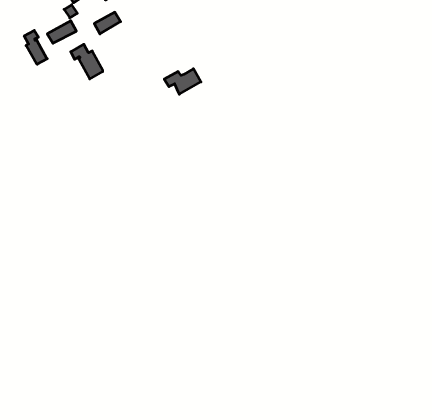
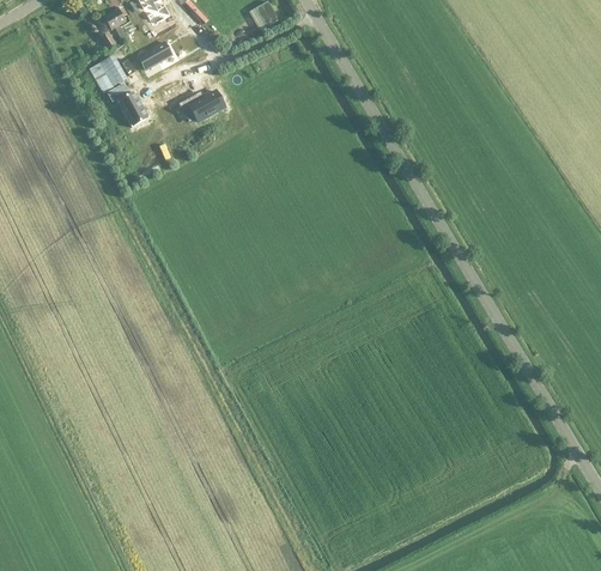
building: [24,30,47,64] -> none
building: [164,69,201,94] -> [178,90,225,122]

